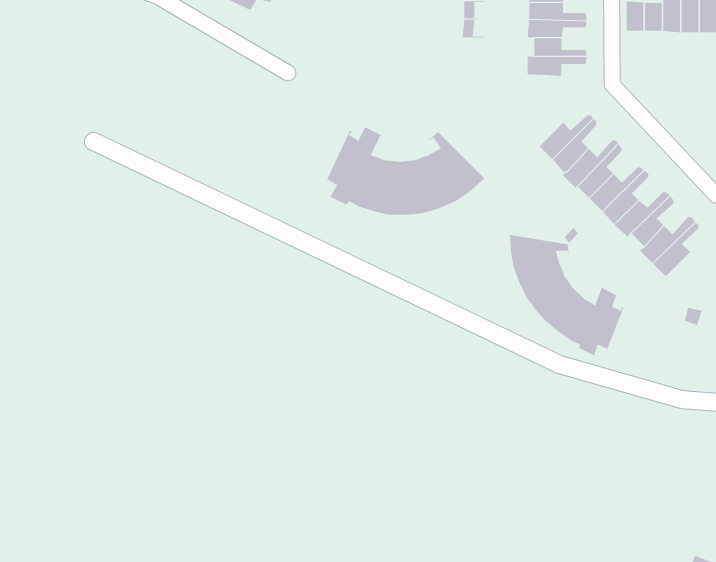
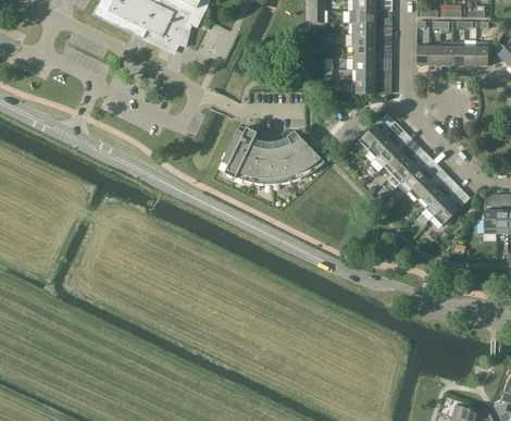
building: [510,234,624,356] -> none

